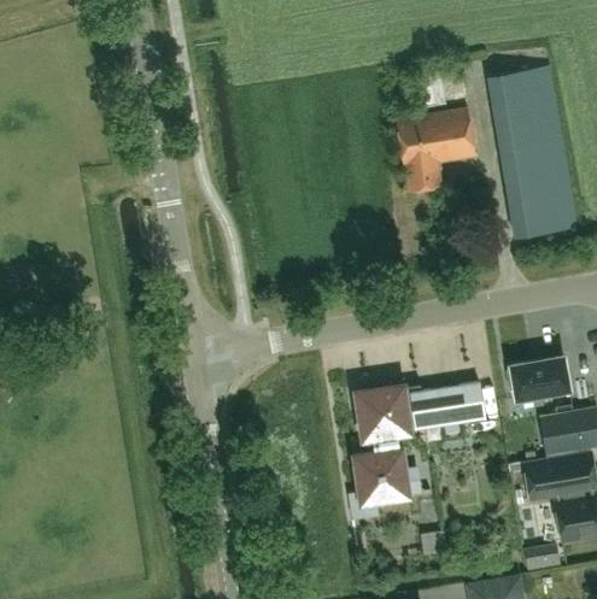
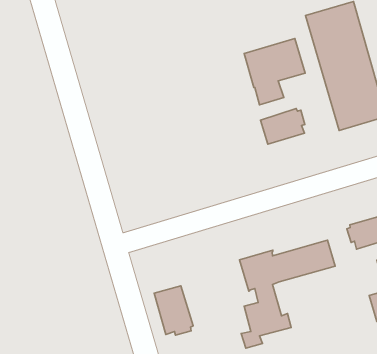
building: none -> [261,109,305,144]
building: none -> [154,286,193,335]

